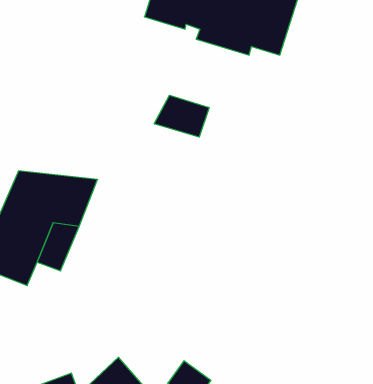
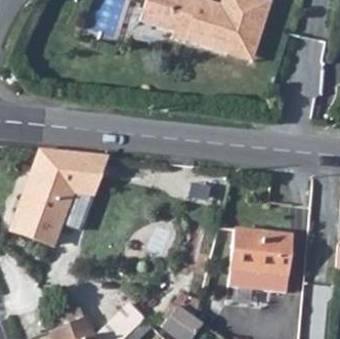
building: [154,95,209,137] -> none
building: none -> [225,227,290,290]

